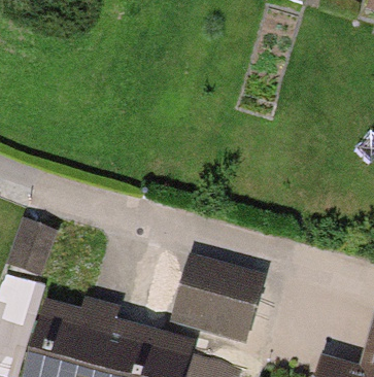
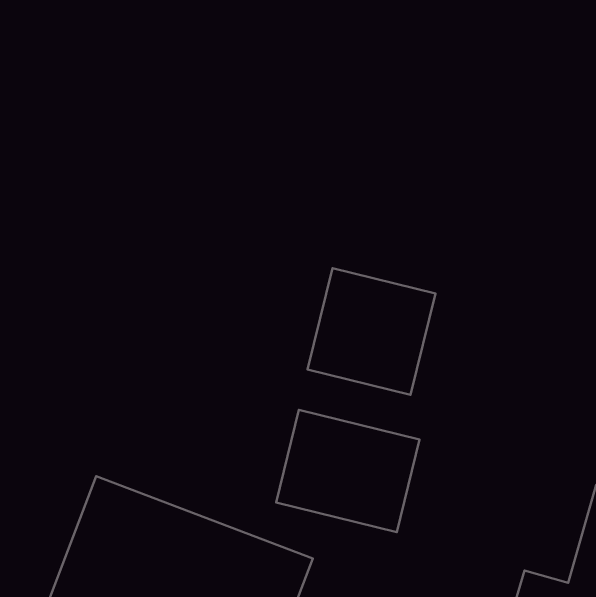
building: none -> [308,268,435,395]

